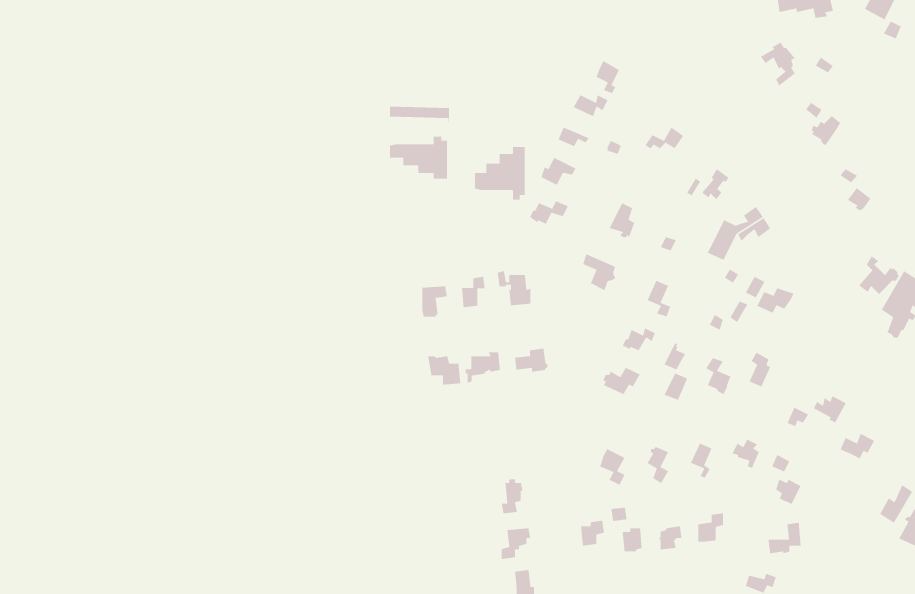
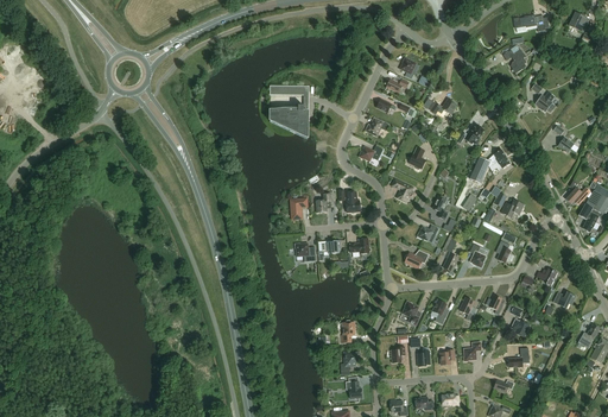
building: [472,146,525,200] -> none

